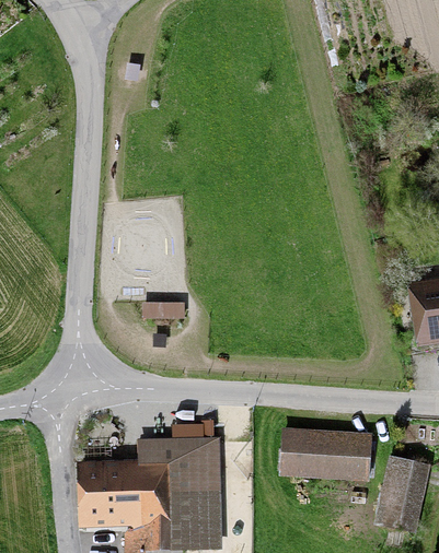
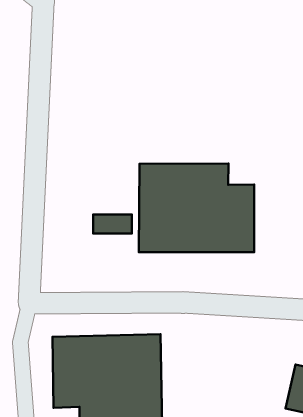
building: none -> [139,163,254,252]
building: [272,432,366,492] -> none

